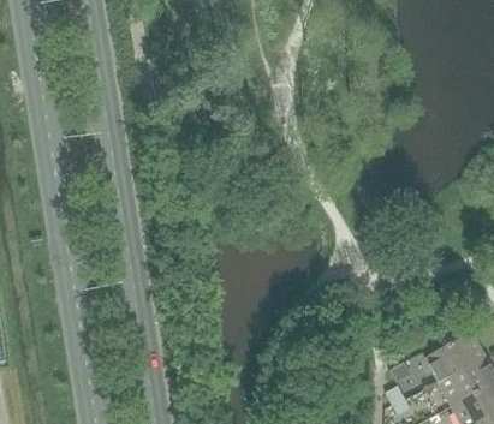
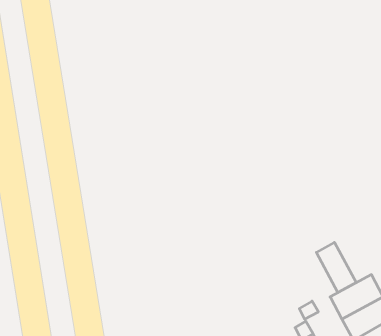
building: none -> [316,242,356,293]

